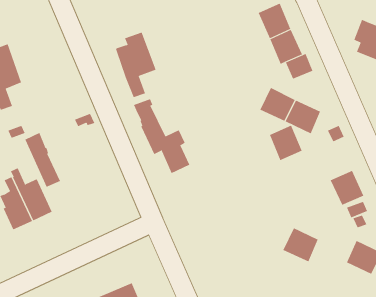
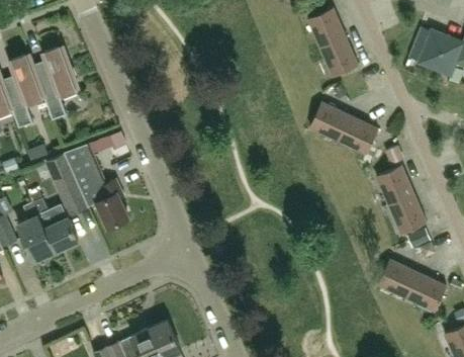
building: [111,32,157,98] -> [28,47,79,120]
building: [285,53,313,80] -> none
building: [133,99,190,174] -> [65,146,128,230]
building: [269,125,302,161] -> [376,166,413,206]
building: [283,228,319,262] -> [377,260,417,298]

